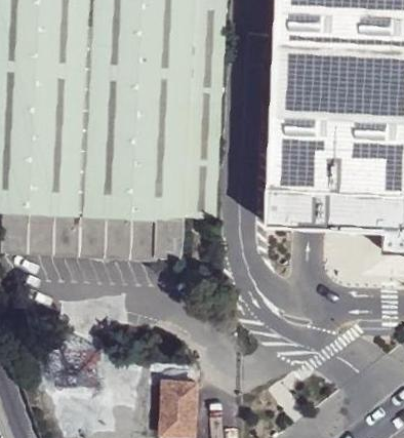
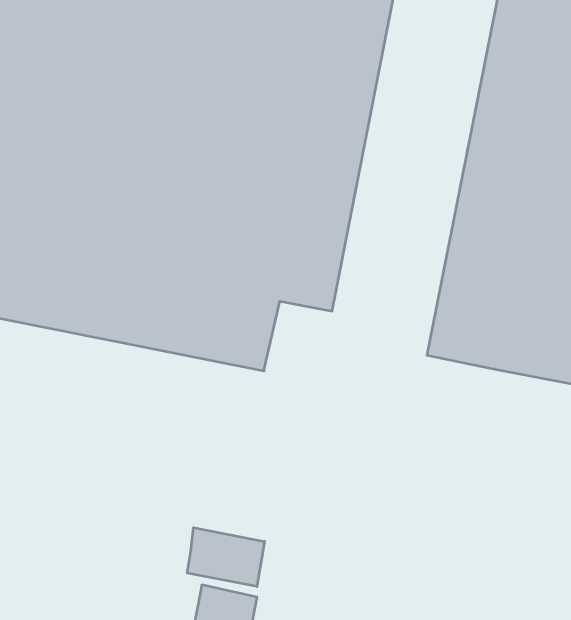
building: none -> [187,528,265,587]

